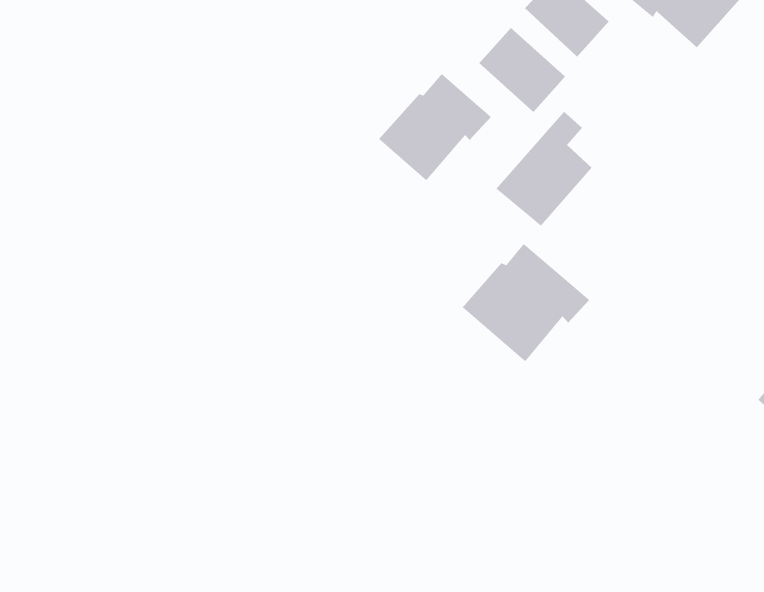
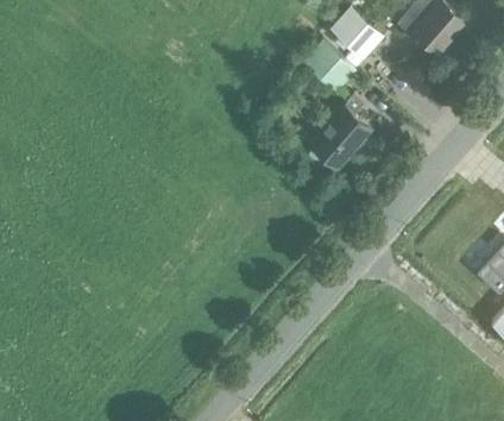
building: [378,73,492,181] -> none
building: [462,243,590,362] -> none

